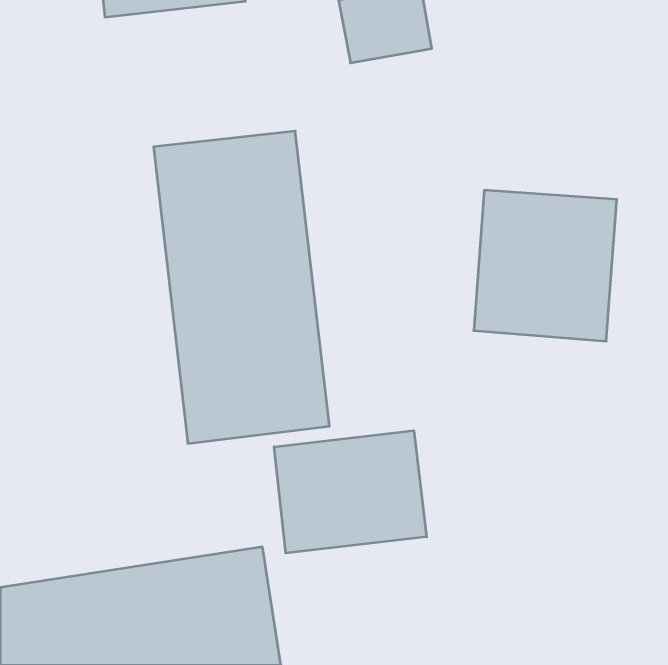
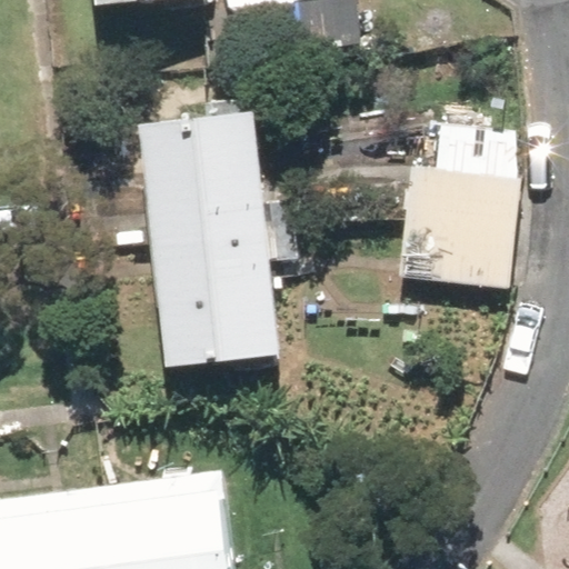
building: [274,431,427,553] -> none

